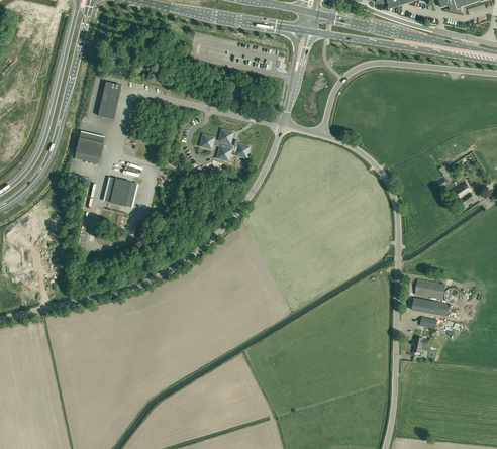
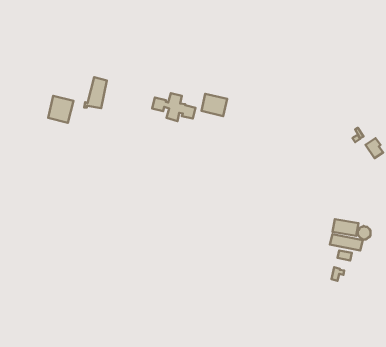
building: [94,81,121,118] -> [84,77,107,108]
building: none -> [202,94,227,116]
building: [103,175,137,206] -> none

